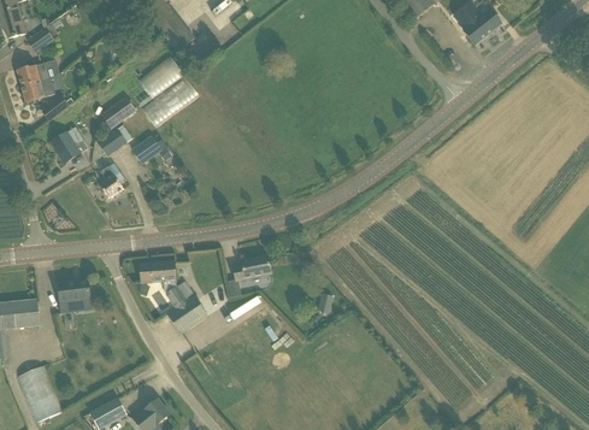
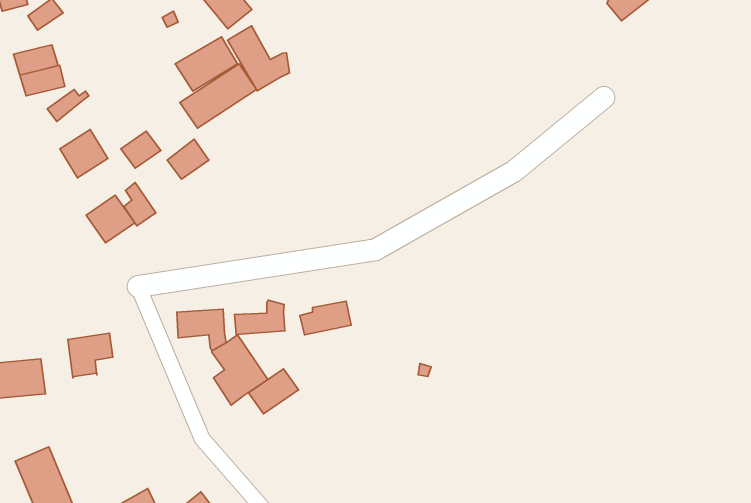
building: none -> [228,26,290,91]
building: [100,95,135,126] -> none
building: none -> [86,195,135,243]
building: none -> [235,300,285,334]
building: none -> [248,369,299,414]

